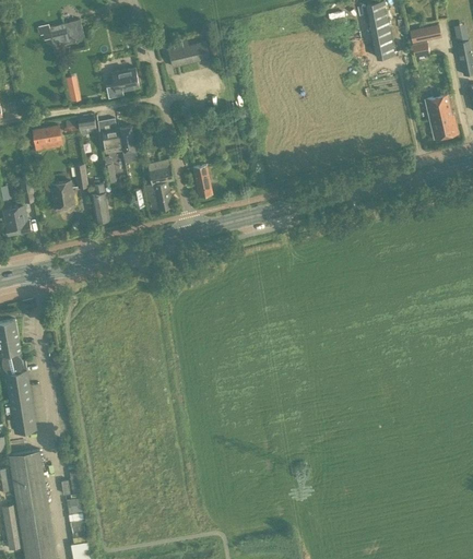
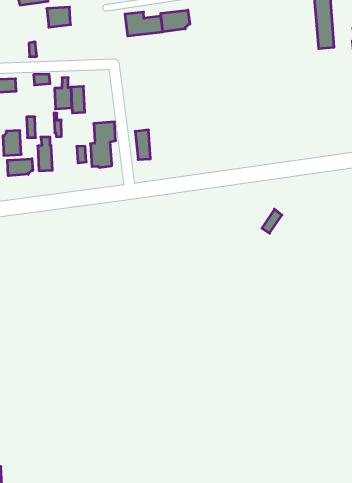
building: none -> [161,10,190,32]
building: [111,69,139,93] -> [47,7,71,27]
building: none -> [7,159,33,176]

